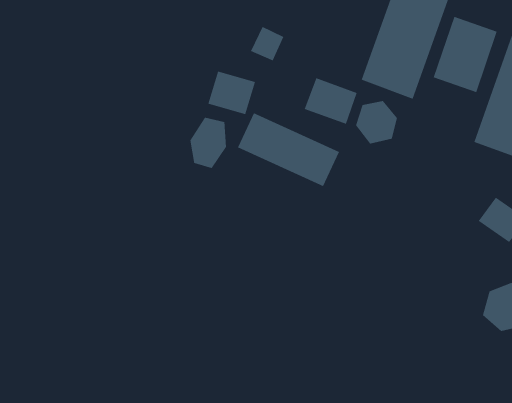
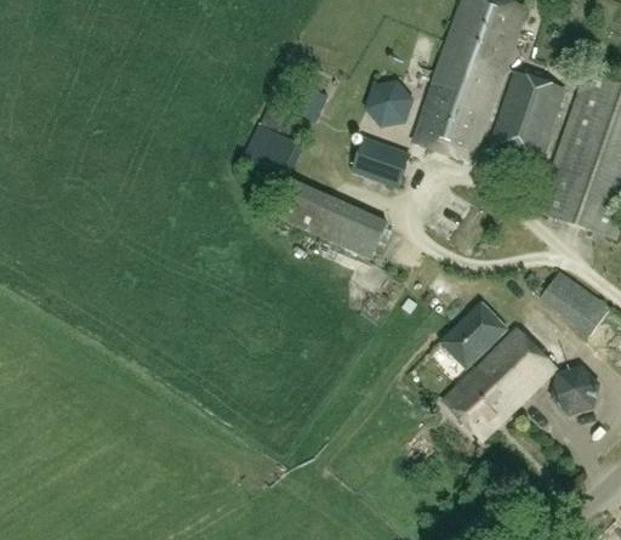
building: [355,100,398,144] -> [364,79,411,127]
building: [190,117,227,169] -> none
building: none -> [440,301,507,368]
building: none -> [443,326,557,440]

